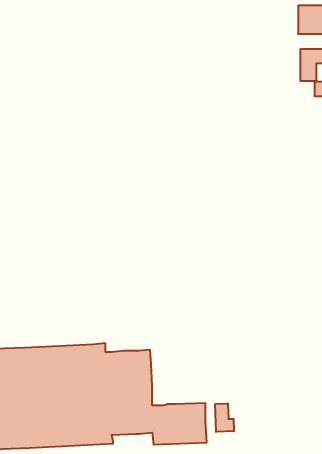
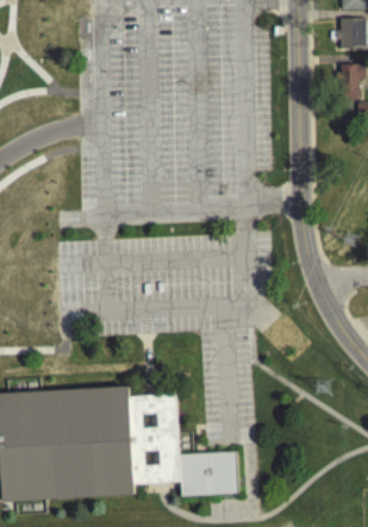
building: [215,403,234,432] -> none

